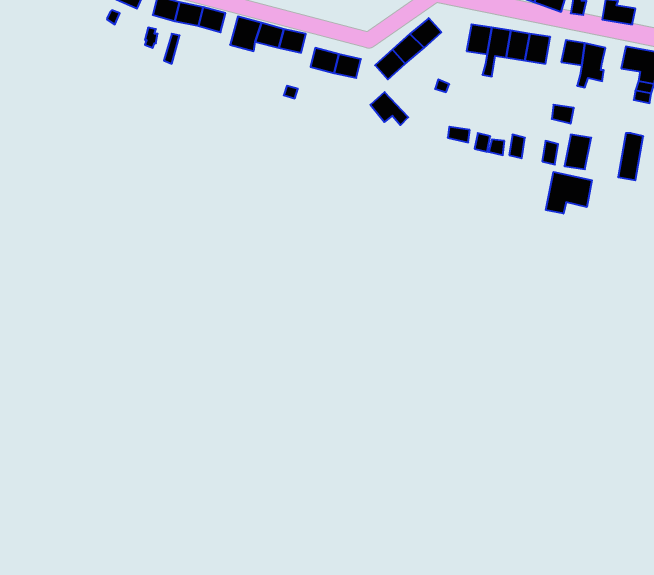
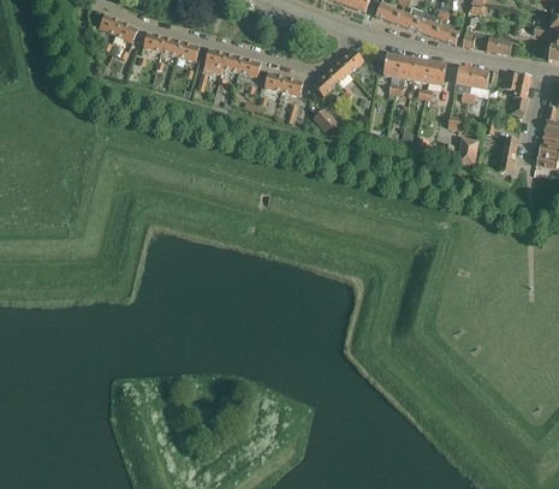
building: [546,172,592,214] -> none

